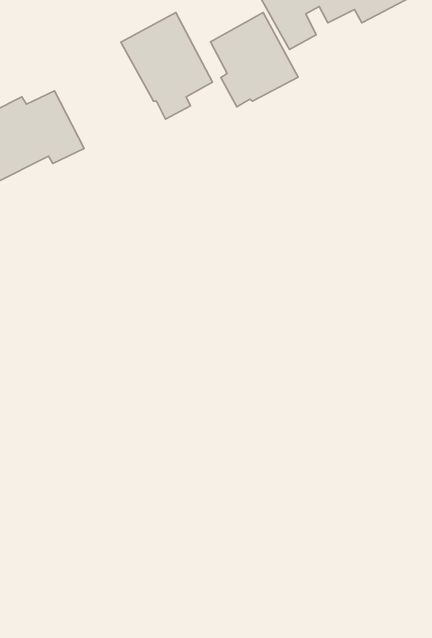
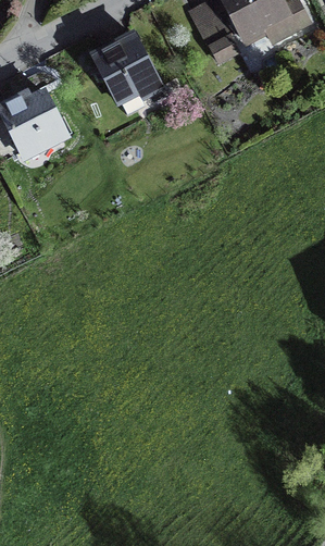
building: [211,13,298,107] -> none

